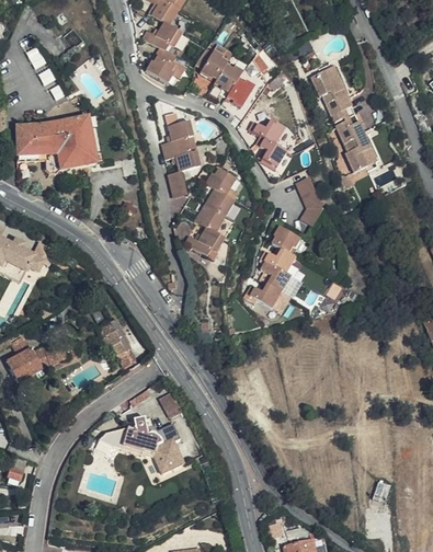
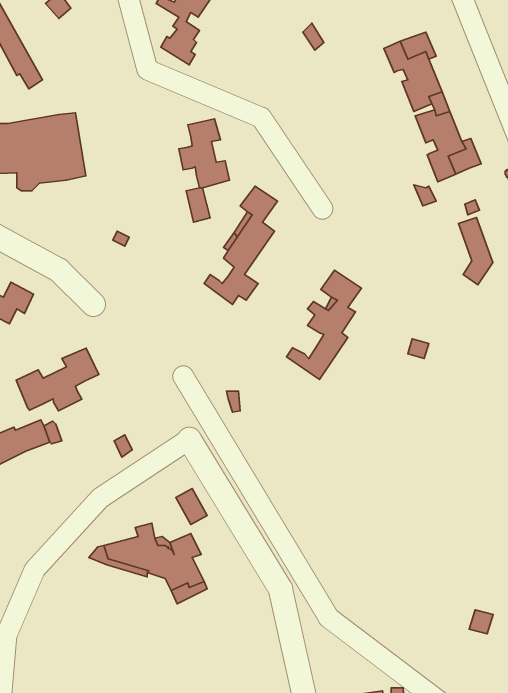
building: [203,51,254,108] -> none
building: [249,123,283,171] -> none
building: [294,183,319,232] -> [459,218,493,285]
building: none -> [16,348,99,411]

